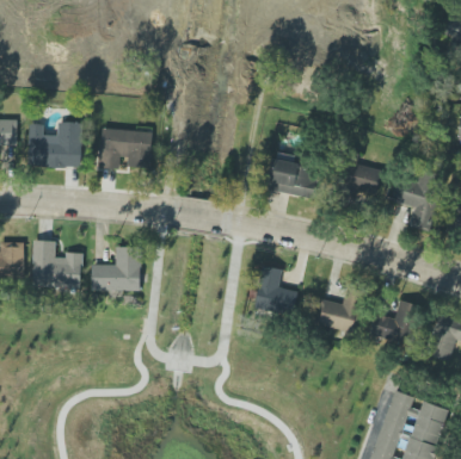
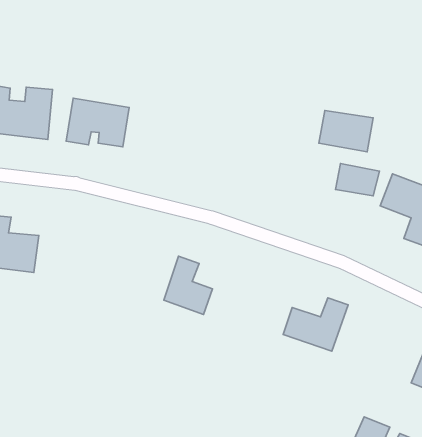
building: [271,163,318,197] -> [319,111,373,152]
building: [91,247,142,292] -> none
building: [254,266,297,316] -> [164,256,213,314]
building: [370,302,422,346] -> none

